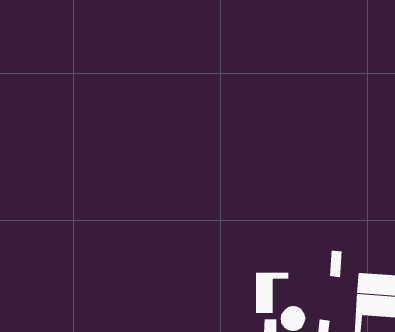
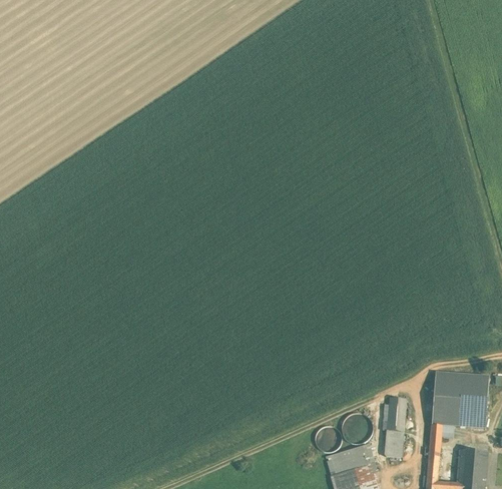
building: [329,250,343,278] -> [389,399,405,432]
building: [255,272,289,314] -> none

